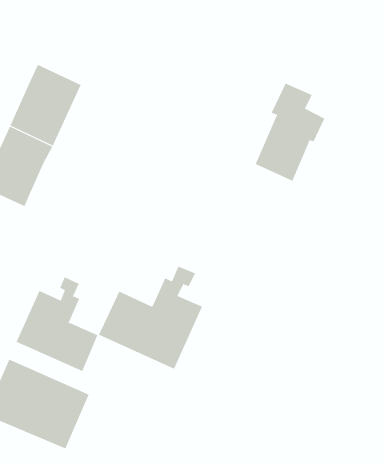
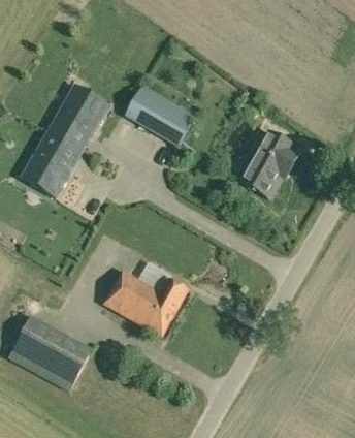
building: none -> [126,86,196,147]
building: [16,276,98,372] -> none

